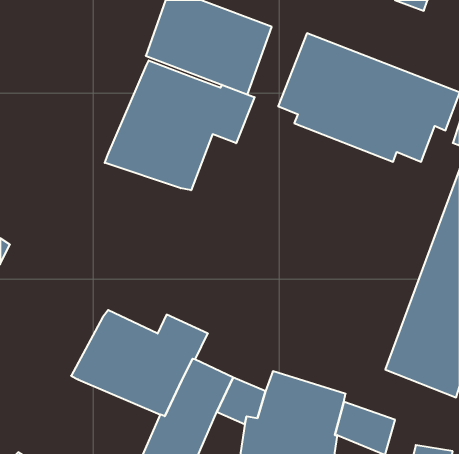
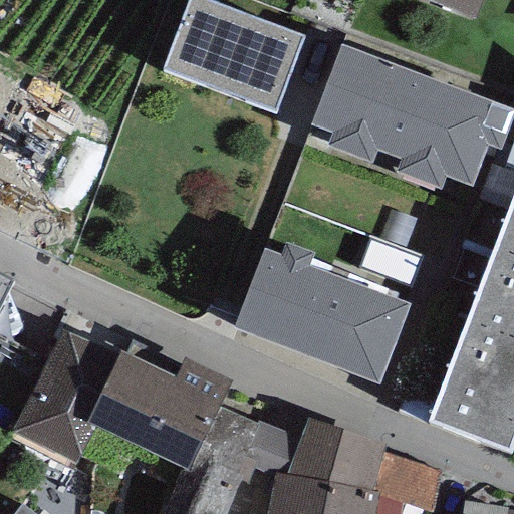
building: [105,60,255,190] -> none
building: none -> [235,240,411,383]
building: none -> [11,334,115,468]

